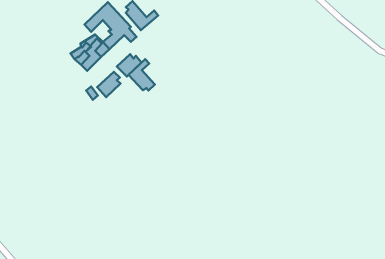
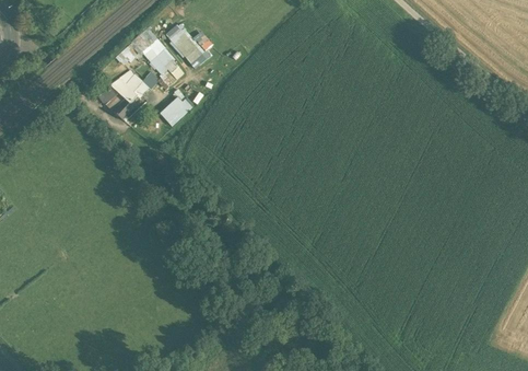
building: [128,59,155,91] -> none
building: [97,72,121,97] -> none

